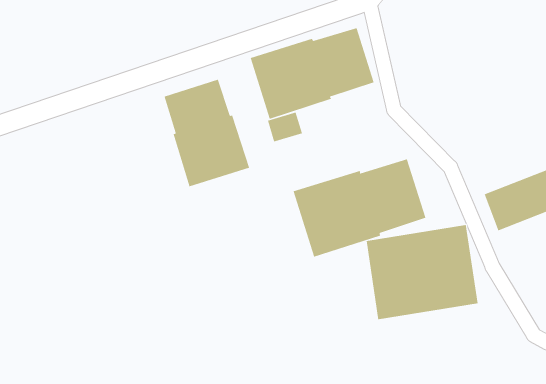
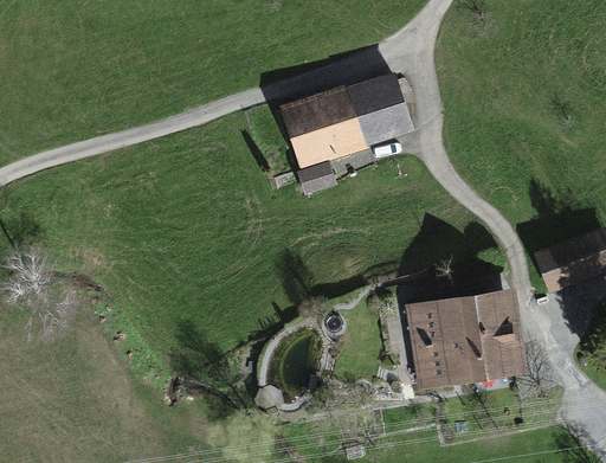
building: [164,79,250,187] -> none
building: [293,159,426,257] -> none

